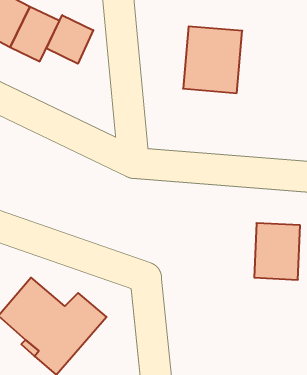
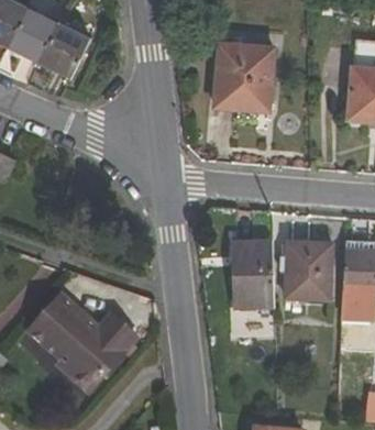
building: [47,15,93,64] -> none
building: none -> [231,240,273,306]

